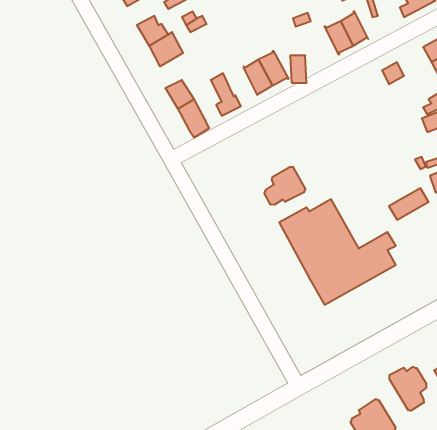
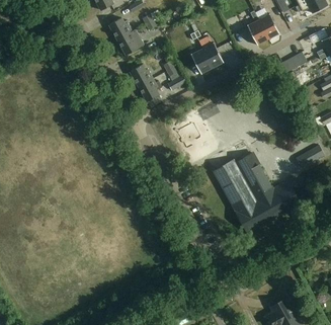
building: [264,167,305,205] -> none
building: [390,367,426,411] -> none

